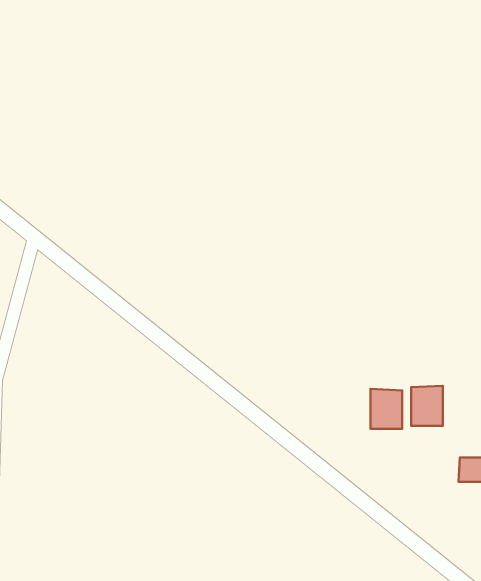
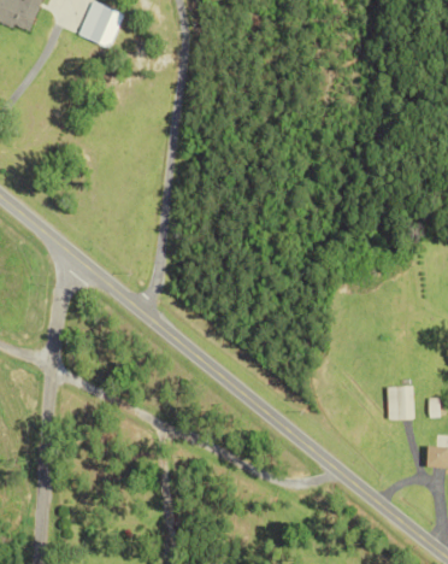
building: [370,389,402,429] -> none

